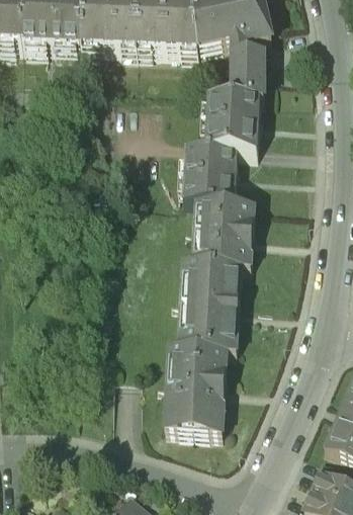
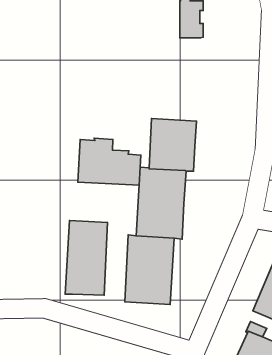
building: [184,99,261,202] -> none
building: none -> [78,138,141,185]
building: none -> [65,220,108,295]

